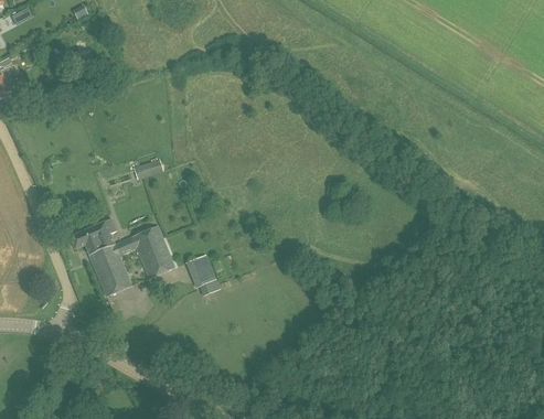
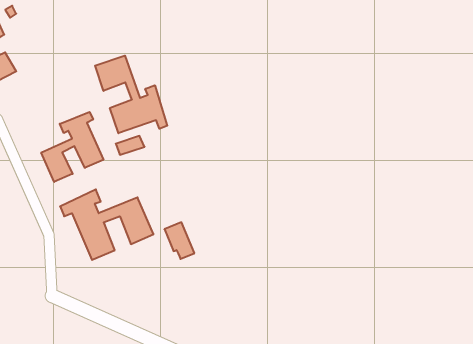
building: none -> [95,56,167,133]
building: none -> [41,112,103,182]

